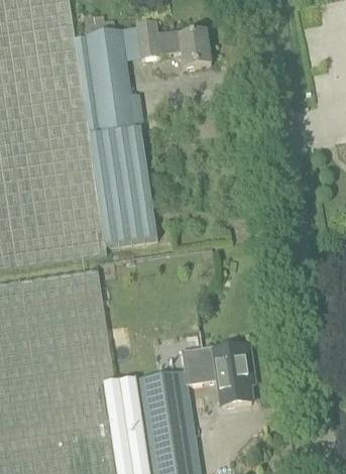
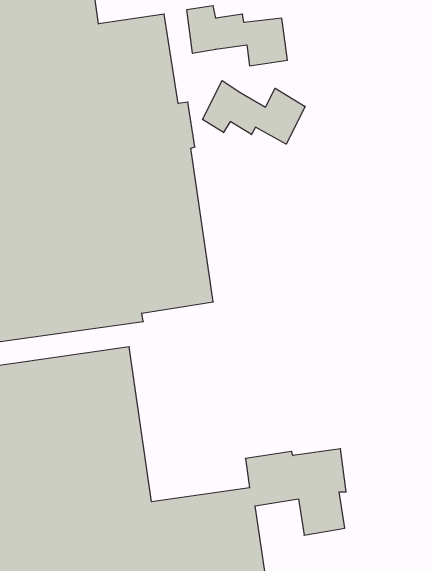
building: none -> [203,81,305,144]

